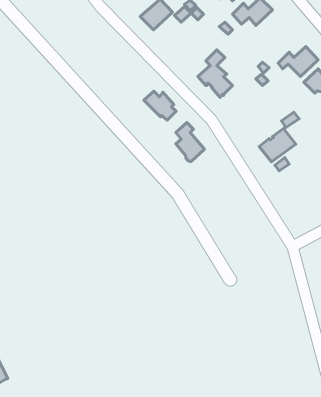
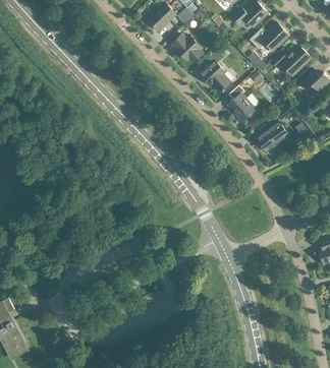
building: none -> [249,21,288,51]
building: [144,91,176,120] -> [171,35,201,61]
building: [176,123,205,162] -> [227,84,254,120]

